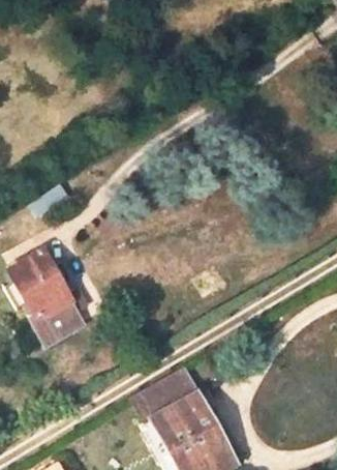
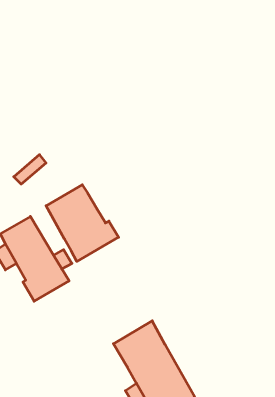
building: none -> [46,185,119,261]

